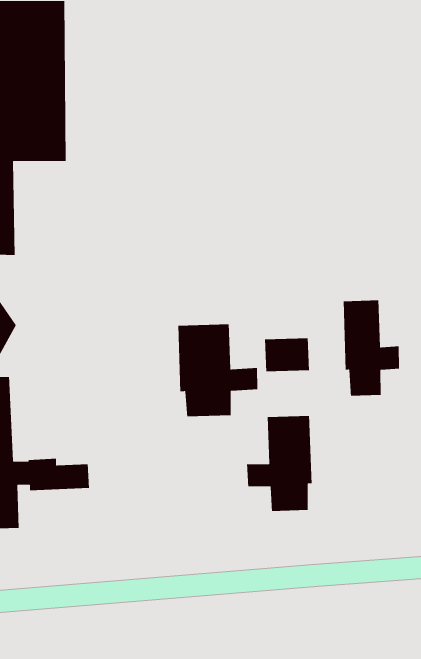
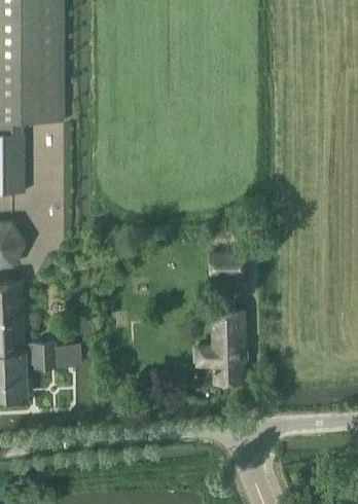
building: [343,299,400,397] -> none
building: [178,323,258,417] -> none

